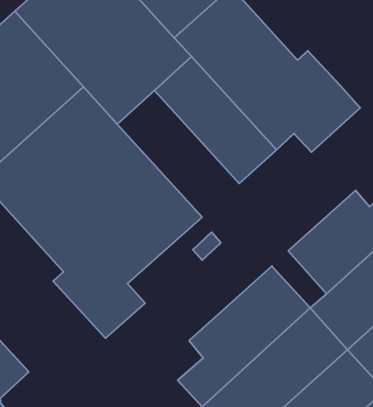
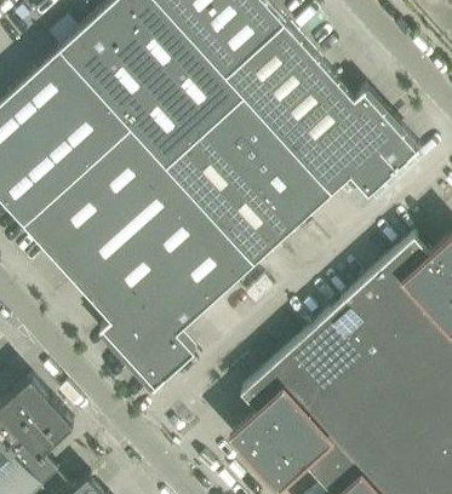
building: none -> [166,133,293,265]
building: none -> [327,300,384,360]

